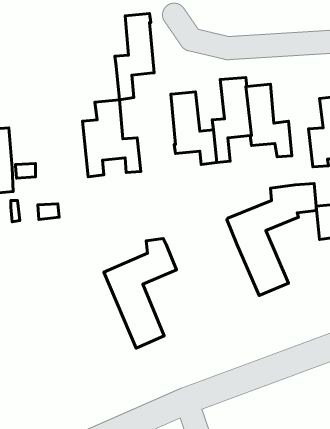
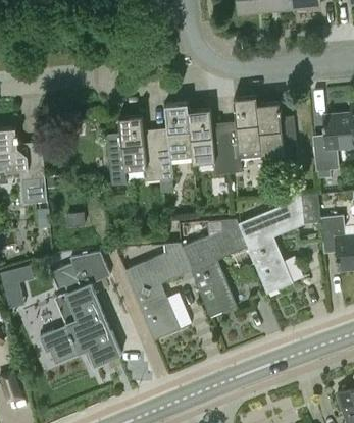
building: [115,14,154,100] -> [155,104,191,182]
building: none -> [183,220,247,319]
building: none -> [43,251,121,366]

